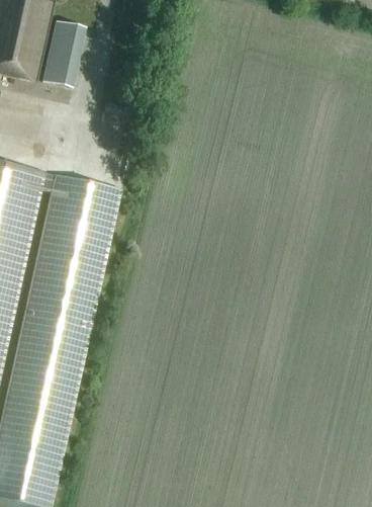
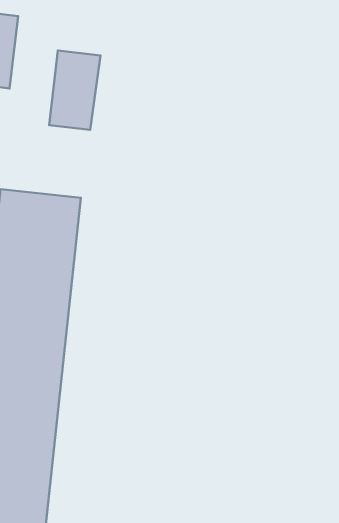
building: none -> [49,50,100,130]

